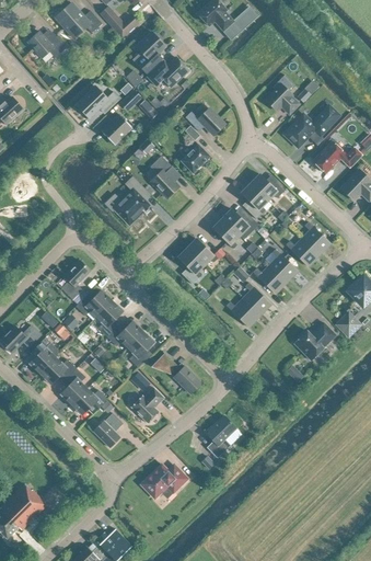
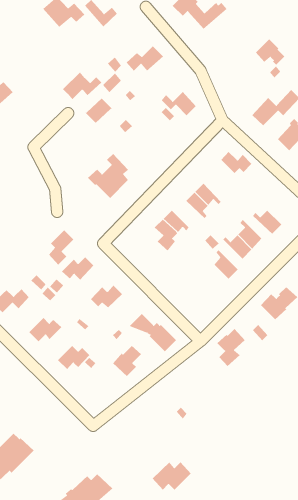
building: [27,30,66,58] -> none
building: [137,33,165,73] -> none
building: [266,84,299,114] -> [255,39,285,65]
building: [181,145,210,174] -> none
building: [150,156,178,198] -> none
building: [241,184,266,219] -> none
building: [302,222,331,255] -> none
building: [225,299,259,328] -> none
building: [96,300,123,337] -> none
building: [127,332,154,368] -> none
building: [30,337,56,374] -> none
building: [60,368,88,404] -> none
building: [93,413,123,448] -> none
building: [205,415,236,458] -> [217,328,245,367]
building: [142,466,186,497] -> [152,462,192,490]

